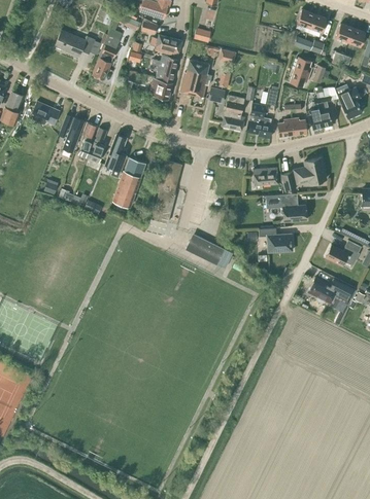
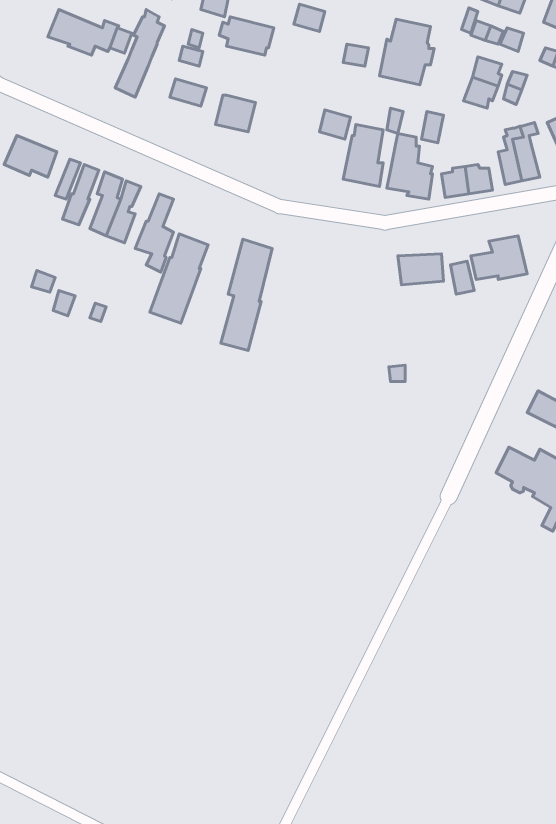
building: [152,55,178,82] -> none
building: [180,60,211,97] -> [380,19,434,85]
building: [266,193,306,221] -> none
building: [259,227,293,251] -> none
building: [186,235,225,263] -> none

